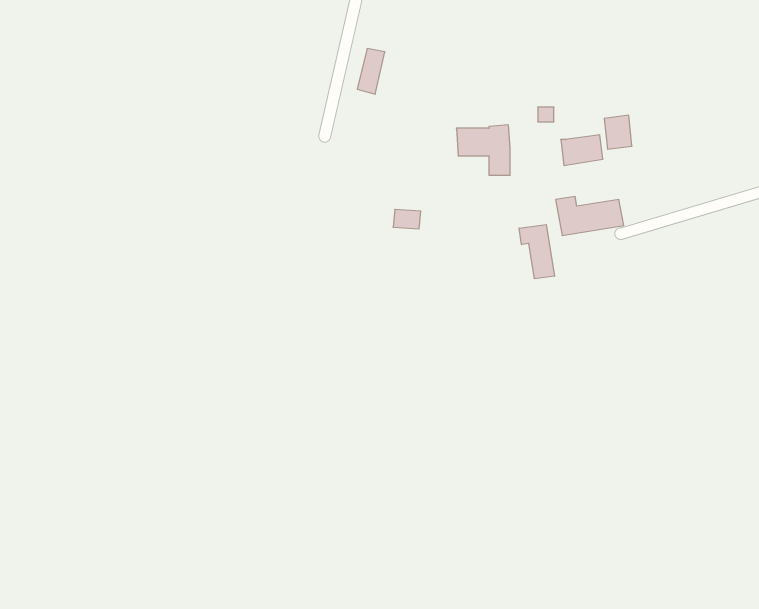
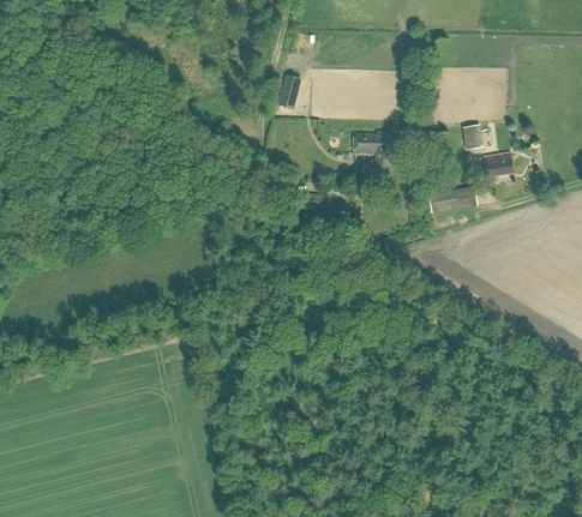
building: [561,135,603,166] -> [481,152,512,175]
building: [519,225,554,279] -> none

